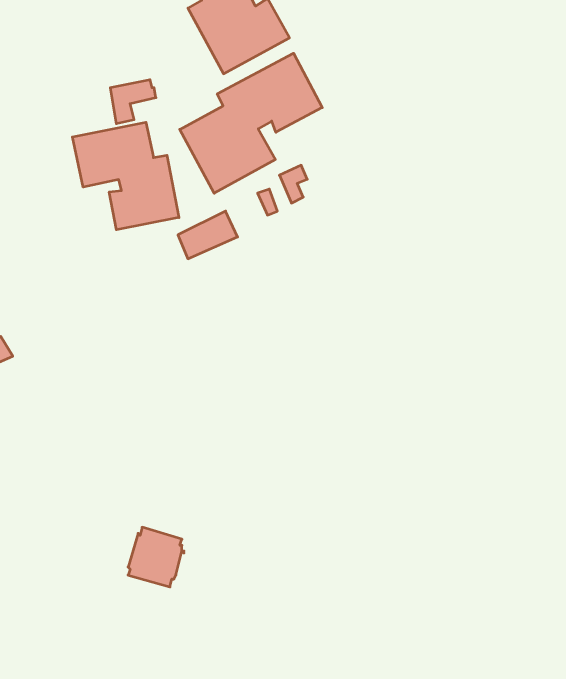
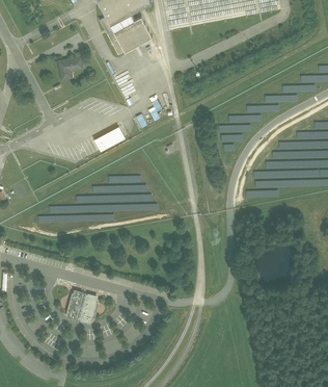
building: [180,53,322,193] -> none
building: [72,122,179,230] -> none

